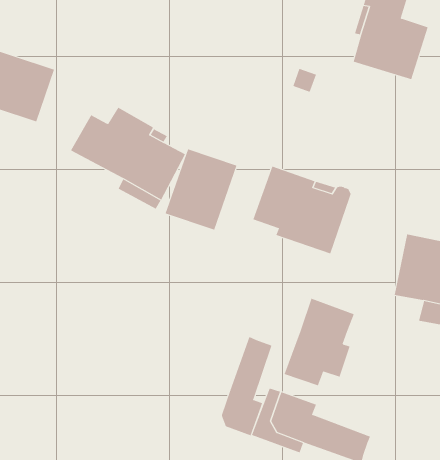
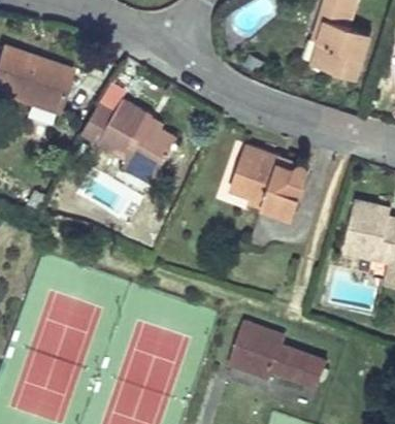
building: [165,149,237,231] -> none
building: [284,298,354,386] -> none
building: [221,336,272,436] -> none

